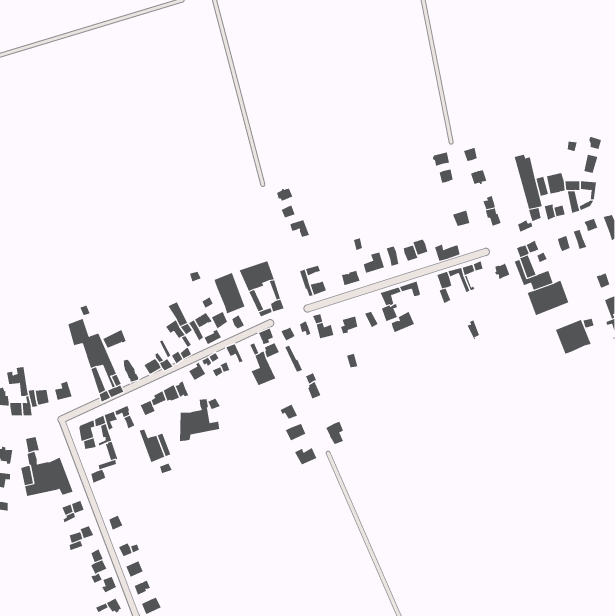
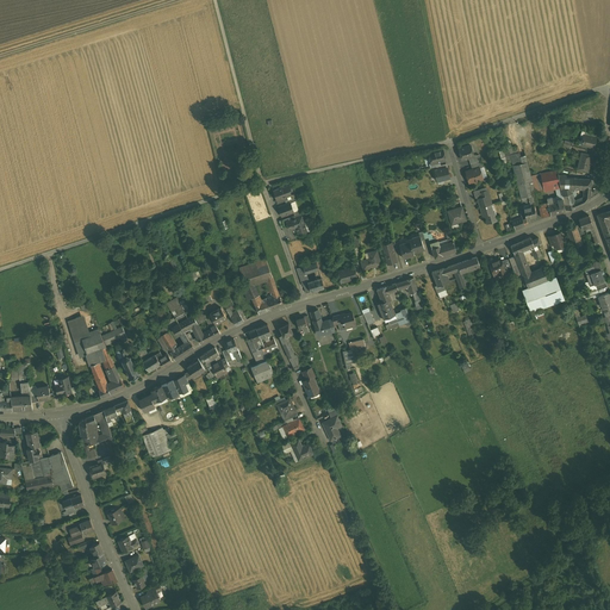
building: [214,272,245,314] -> none
building: [555,319,592,355] -> none
building: [180,398,220,442] -> none

